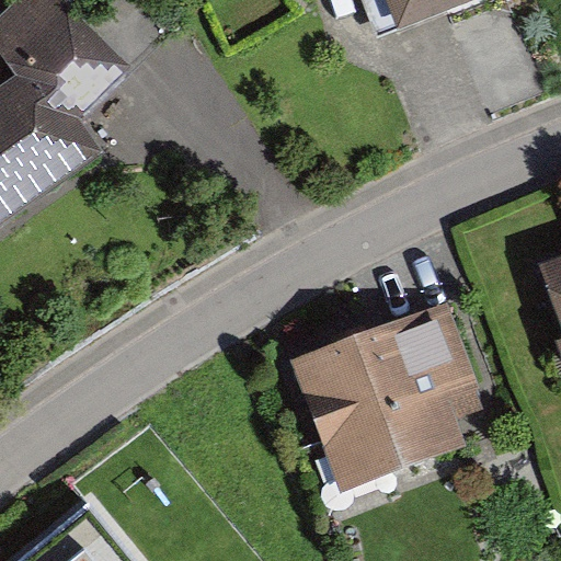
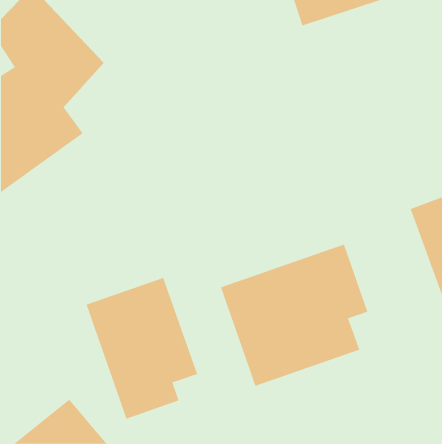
building: none -> [86,277,198,419]

